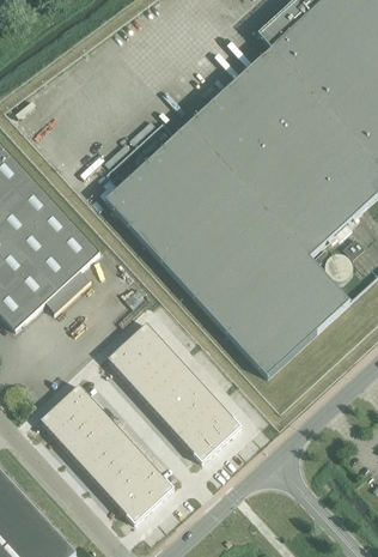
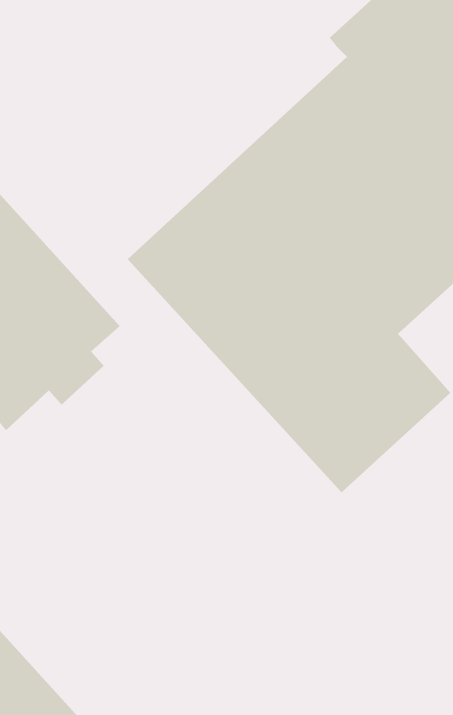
building: [108,321,240,460] -> none
building: [41,383,173,521] -> none

